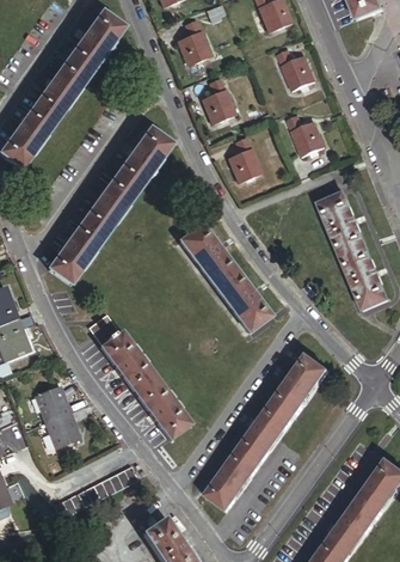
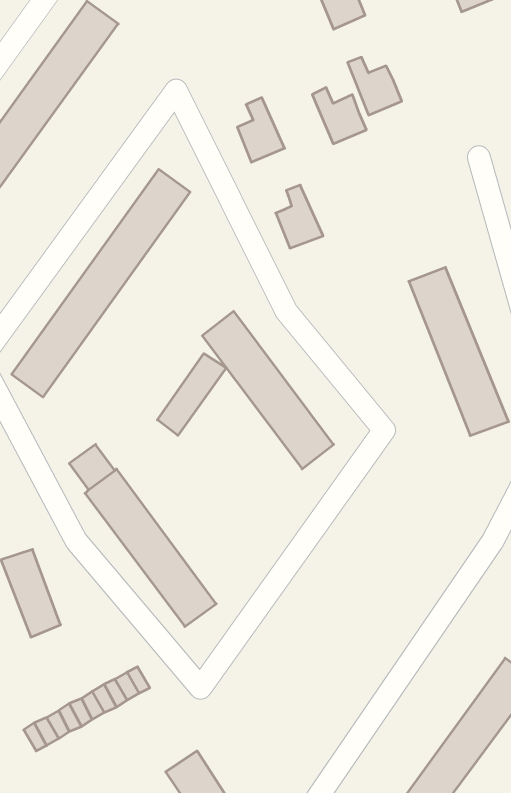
building: [177,19,209,65] -> none
building: [285,116,322,154] -> [312,88,366,144]
building: none -> [157,354,226,435]
building: [203,355,325,512] -> none

